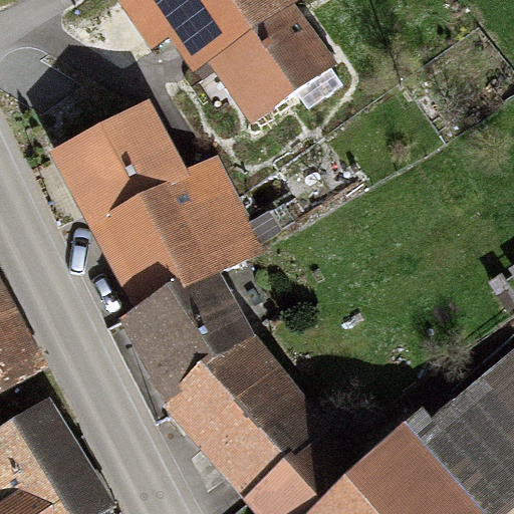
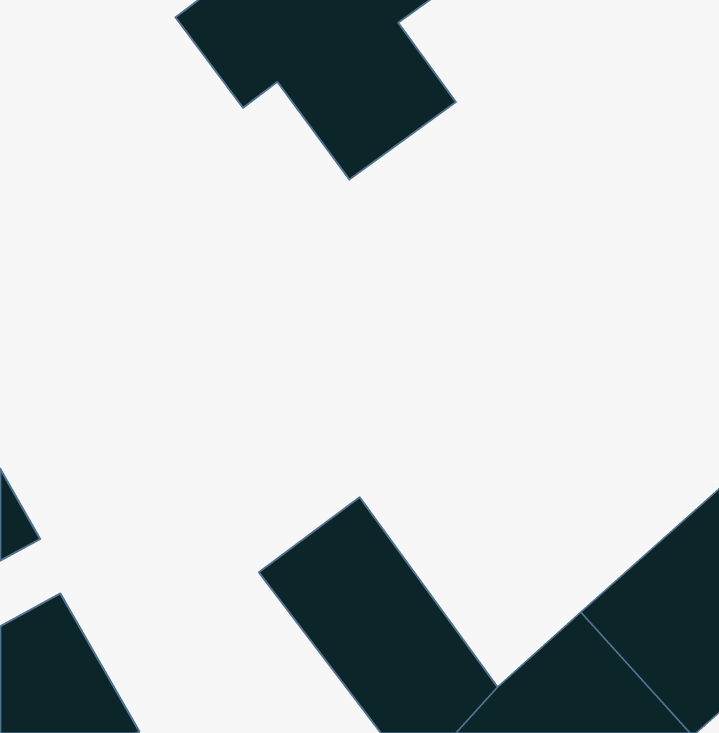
building: [61,125,242,323] -> none
building: [149,290,262,400] -> none

